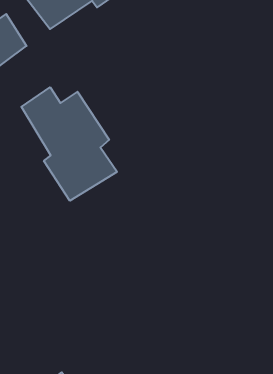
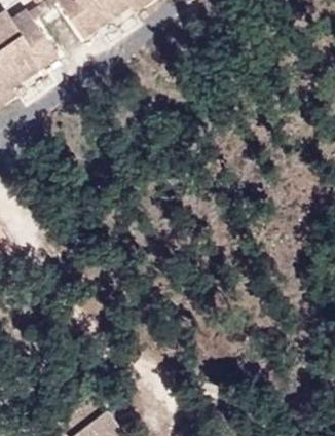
building: [21,87,117,201] -> none

